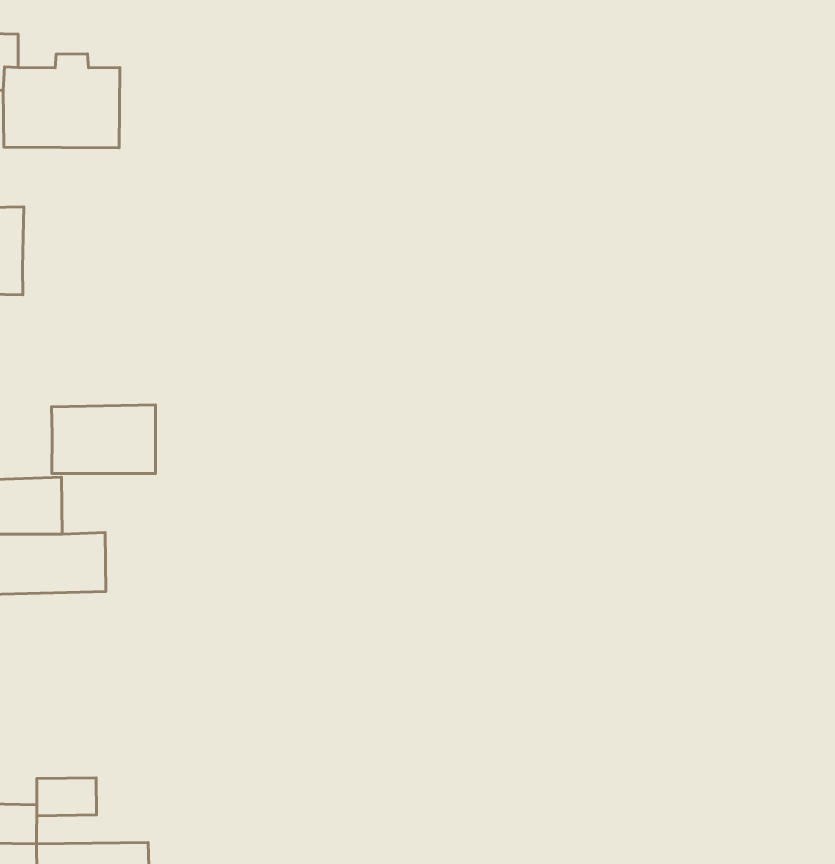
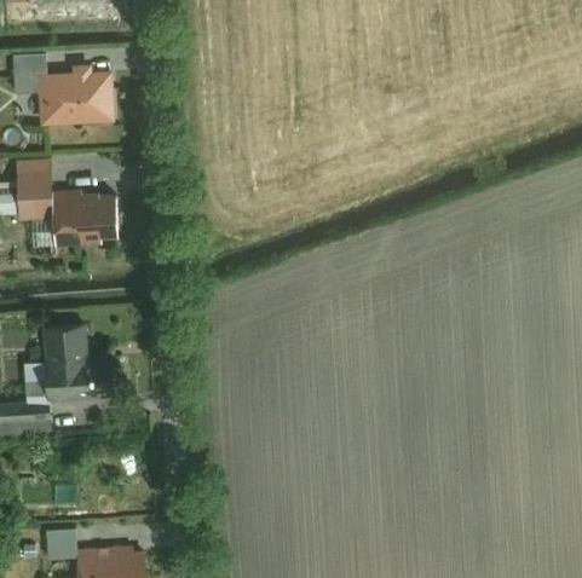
building: [52,405,156,473] -> [52,193,119,239]
building: [37,778,96,816] -> none

